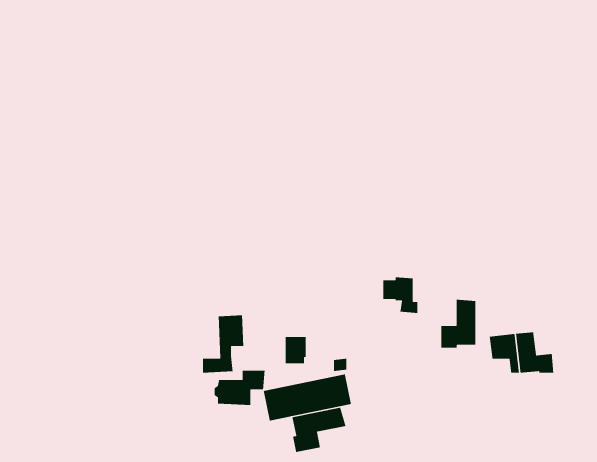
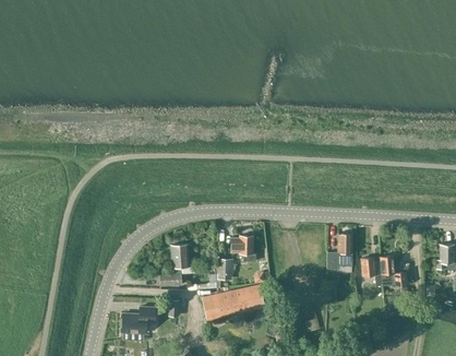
building: [383,276,418,314] -> [231,235,256,261]
building: [214,370,265,406] -> [120,307,156,332]
building: [292,407,347,453] -> none

